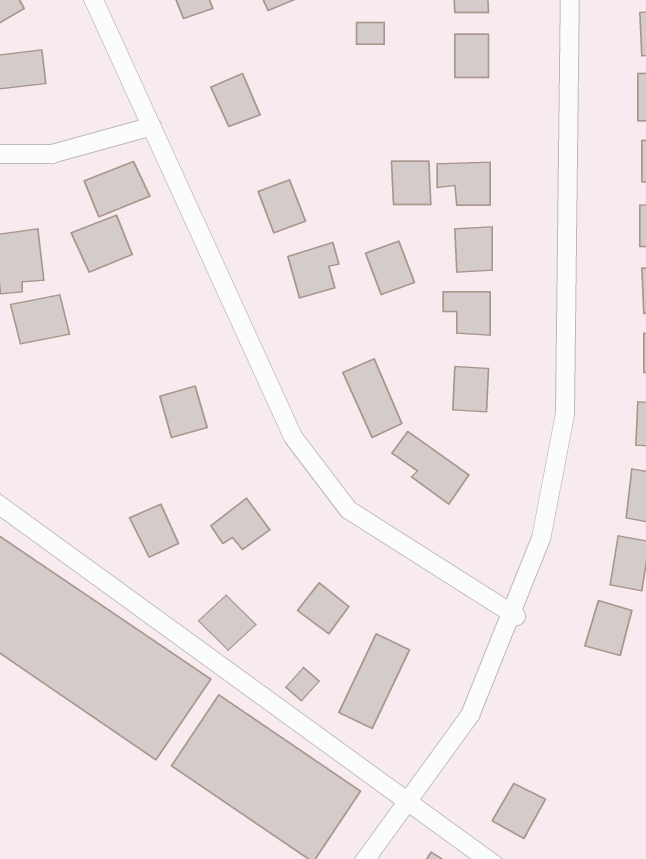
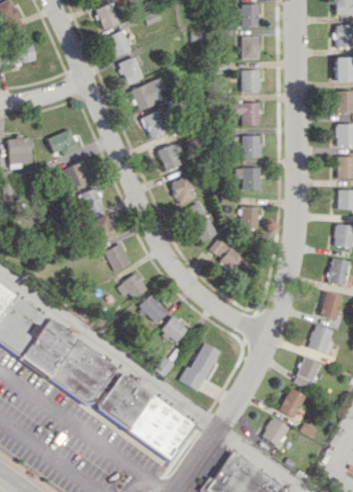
building: none -> [106,30,131,57]
building: none -> [131,78,166,110]
building: [391,161,431,204] -> [241,70,261,92]
building: [84,162,150,217] -> none
building: [365,241,415,294] -> [171,177,196,204]
building: [11,295,70,344] -> [61,163,91,188]
building: none -> [78,187,105,215]
building: [129,504,179,557] -> [105,244,130,271]
building: [199,595,256,650] -> [138,295,167,323]
building: none -> [295,357,320,388]
building: none -> [280,388,304,417]

